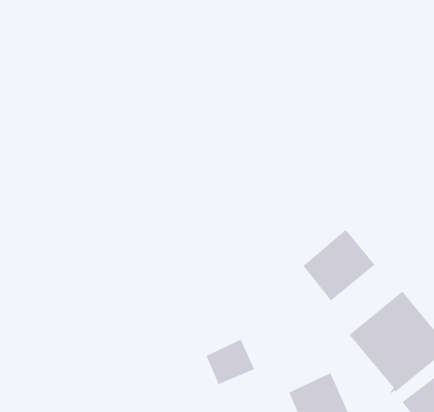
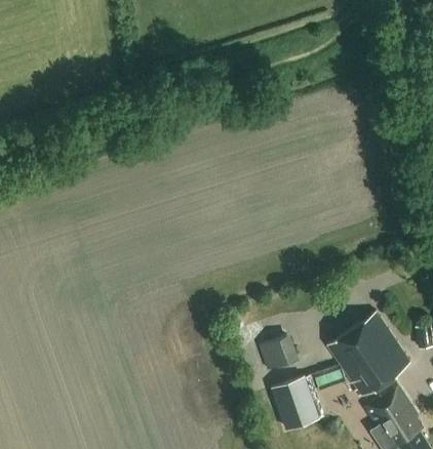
building: [303,229,375,301] -> none
building: [206,339,255,385] -> [258,333,298,370]

